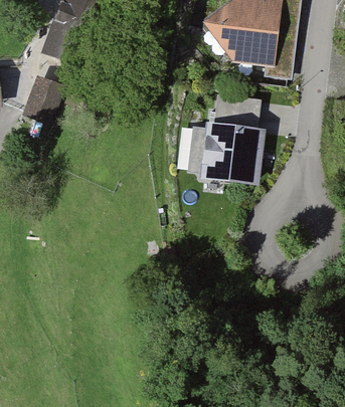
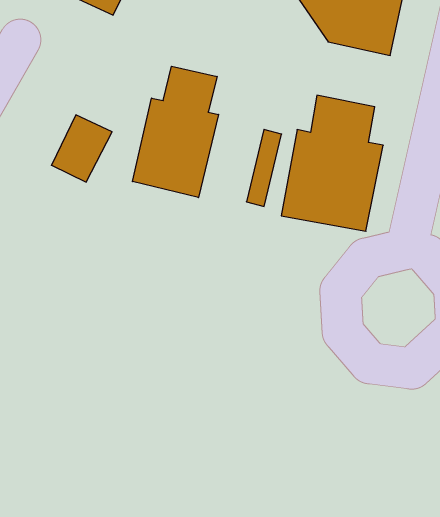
building: [19,77,57,122] -> [51,115,112,182]
building: none -> [132,66,219,198]

